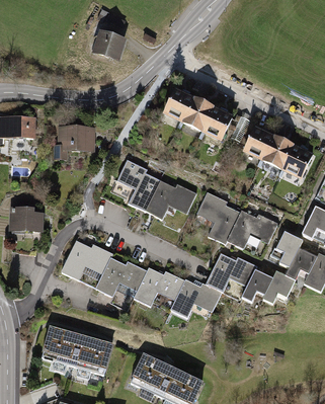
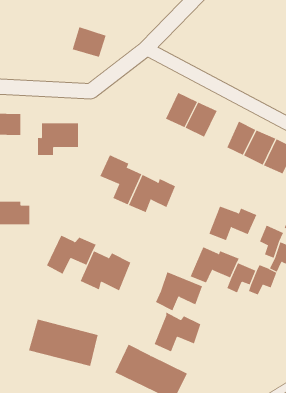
building: [164,87,194,123] -> none
building: [196,193,237,243] -> none
building: [135,265,183,307] -> [154,311,201,352]

